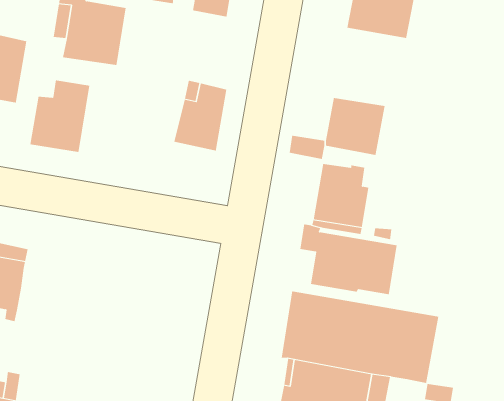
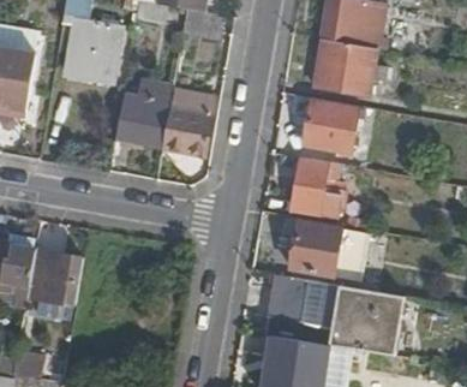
building: none -> [313,40,385,97]
building: [30,80,90,152] -> [120,76,174,141]
building: none -> [28,252,83,302]

